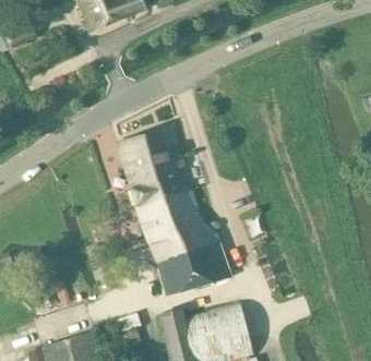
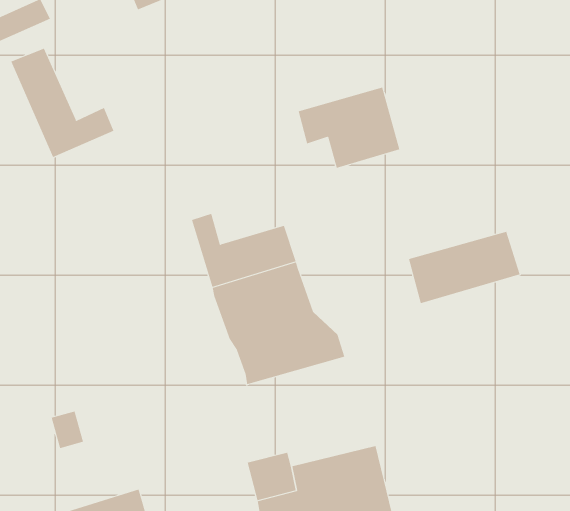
building: none -> [11,48,114,158]
building: [118,128,182,179] -> [298,87,400,168]
building: [158,250,229,296] -> [408,231,521,304]

